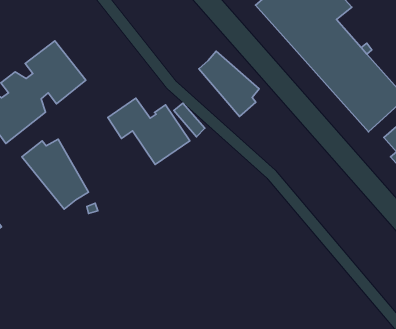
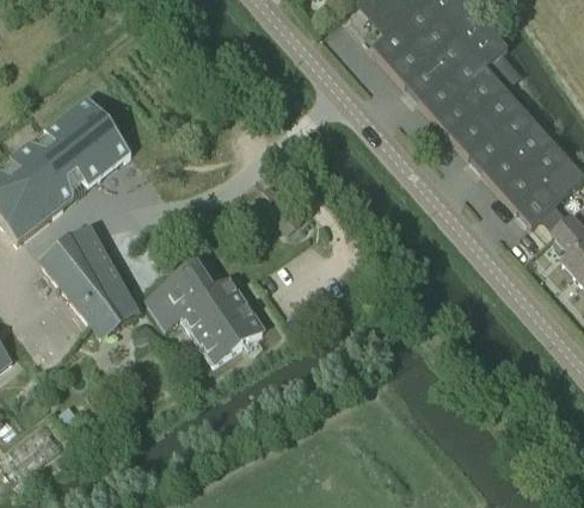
building: [199,51,259,117] -> none
building: [108,98,190,165] -> [146,268,262,363]

